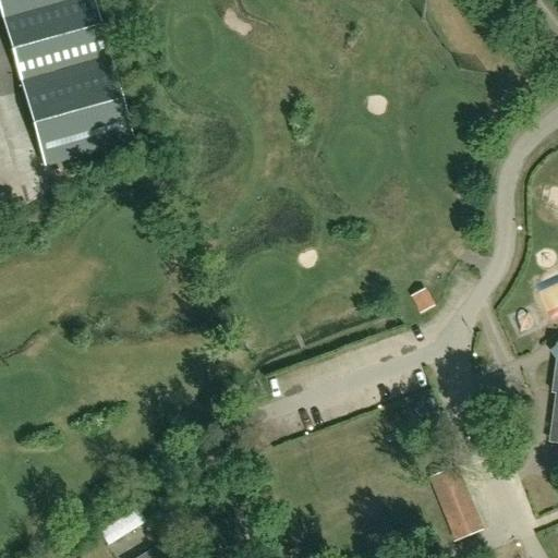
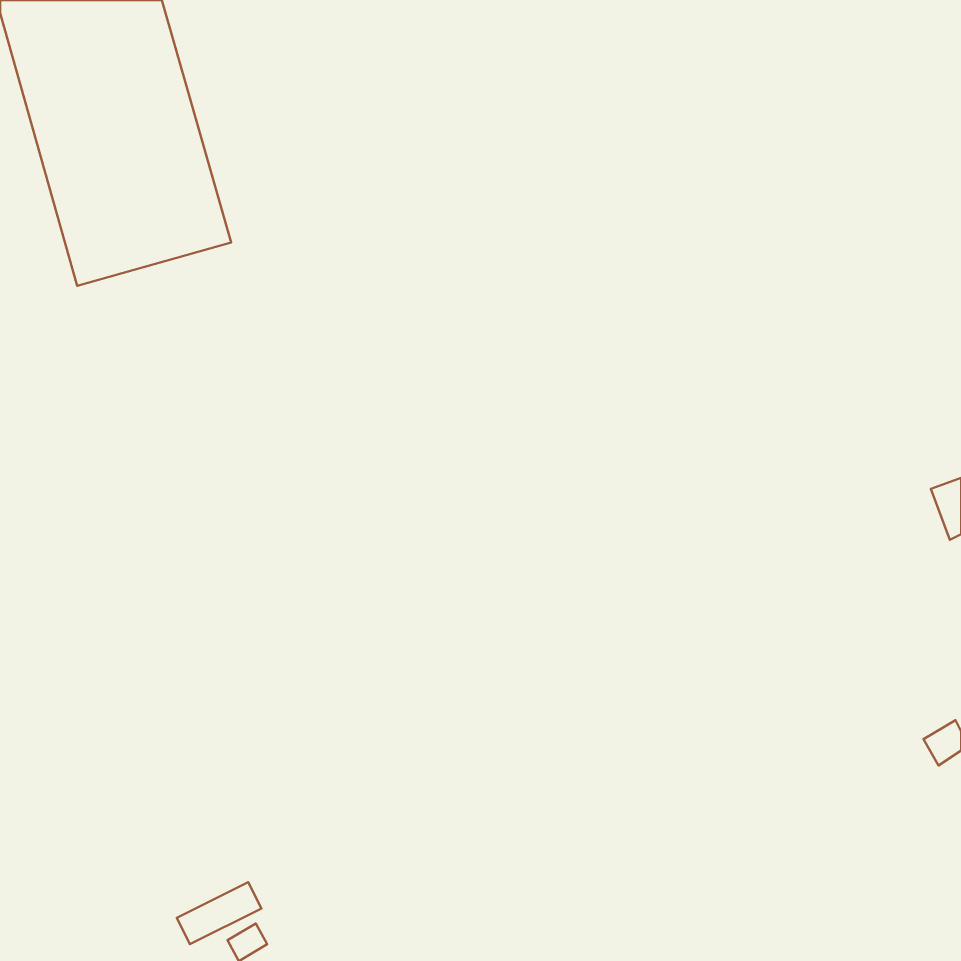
building: [432,468,485,542] -> none

